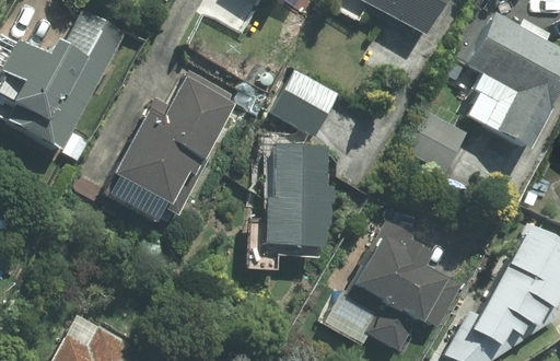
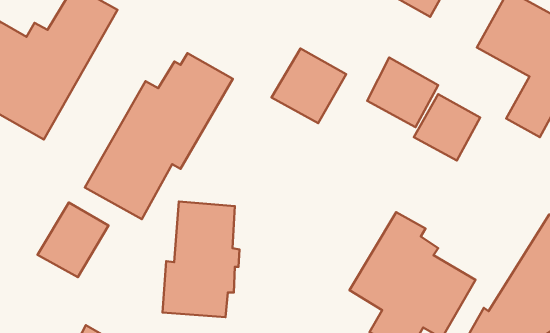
building: none -> [367,58,438,127]
building: [260,143,332,252] -> [163,202,240,317]
building: none -> [37,202,108,277]

